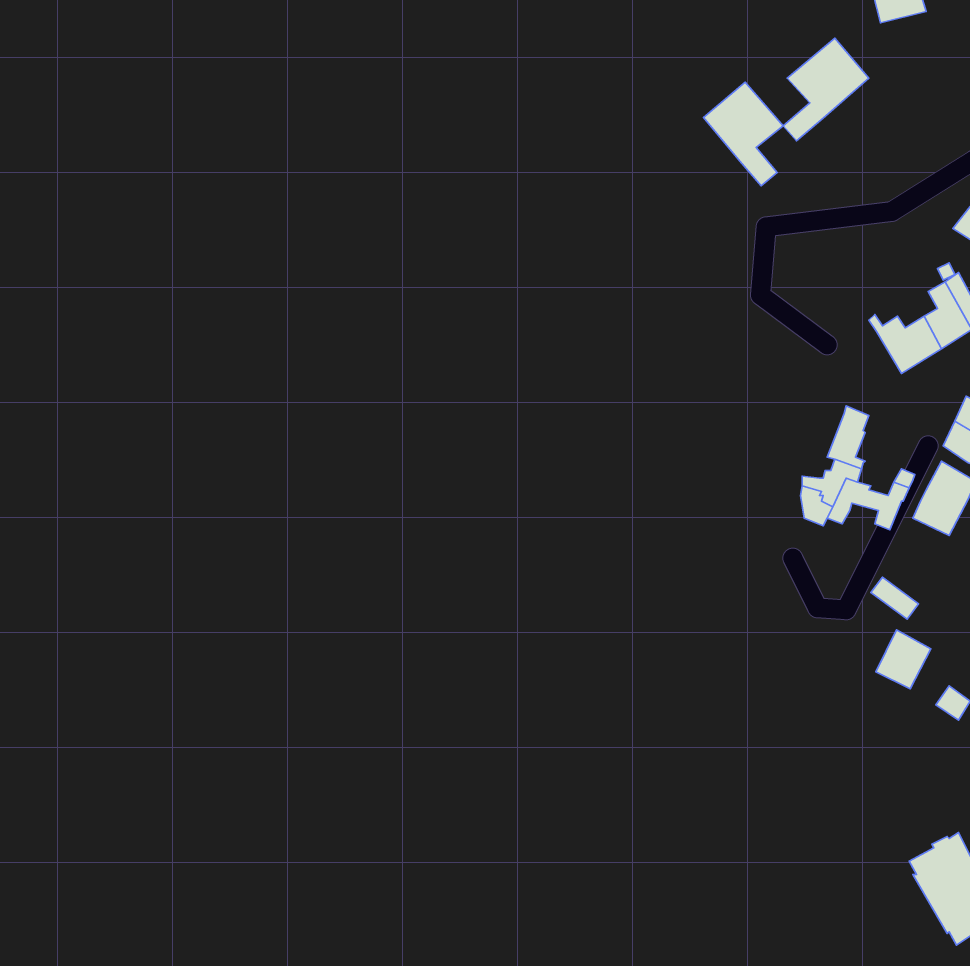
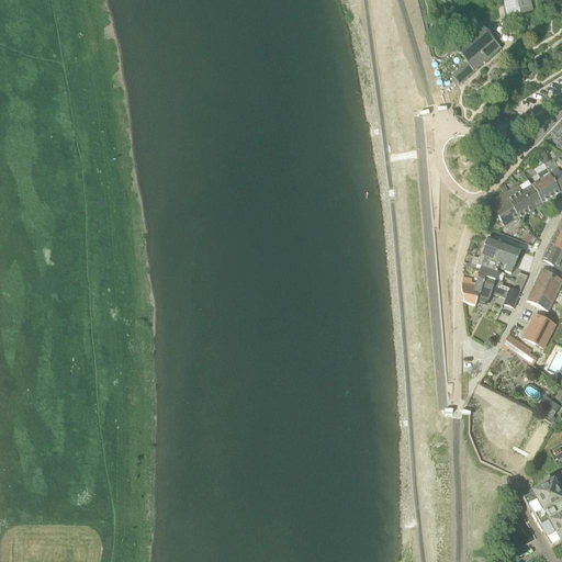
building: [704,82,783,186] -> none
building: none -> [493,191,521,224]
building: none -> [495,239,522,270]
building: [876,630,931,689] -> [525,312,557,346]

